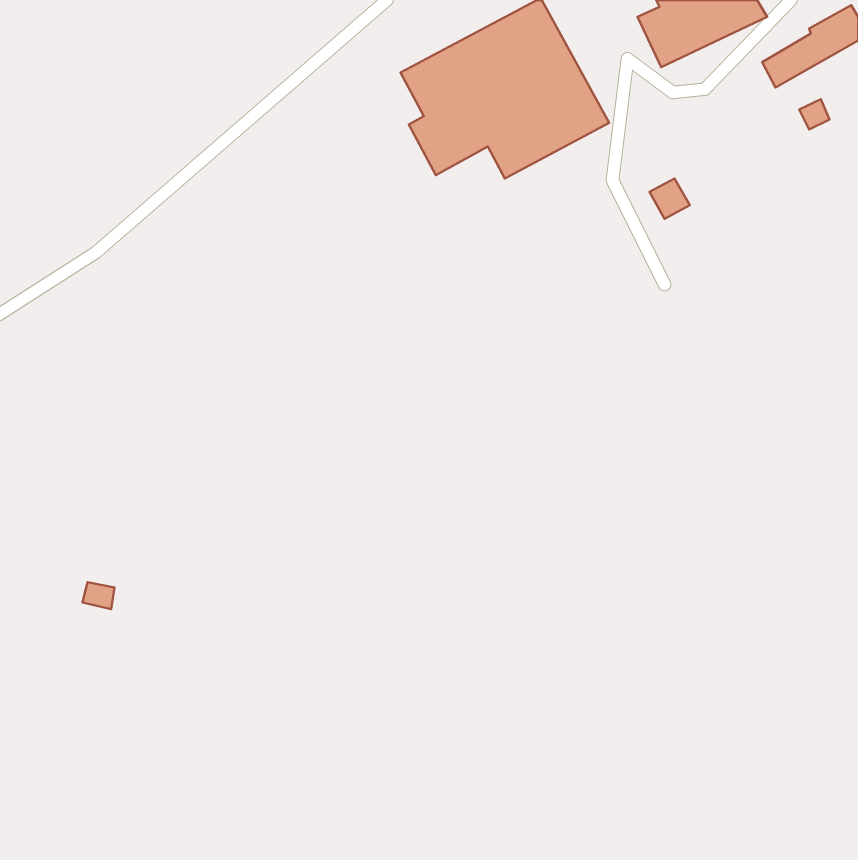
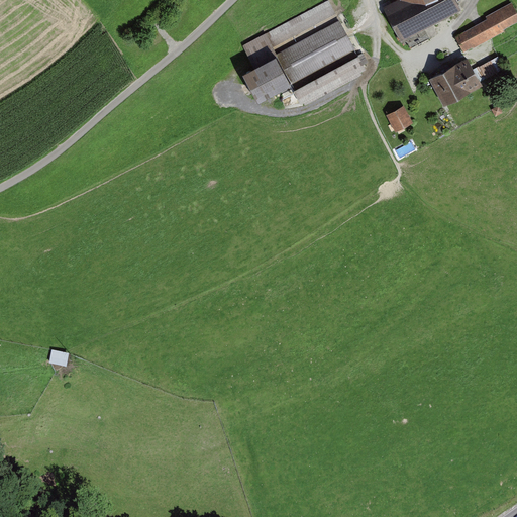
building: none -> [429,59,481,106]

